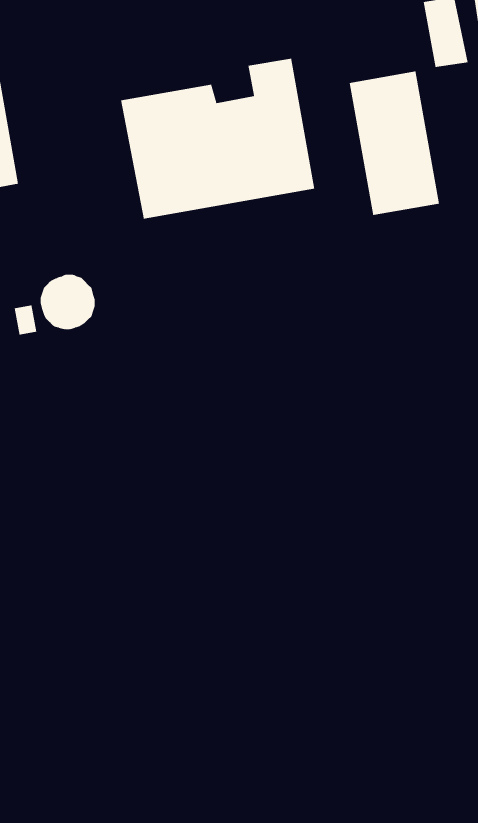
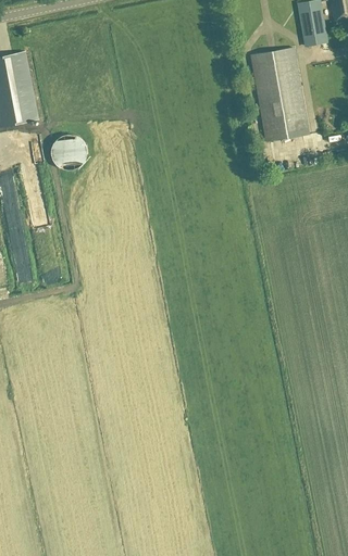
building: [121,58,315,219] -> none
building: [40,274,95,330] -> [51,135,87,170]

